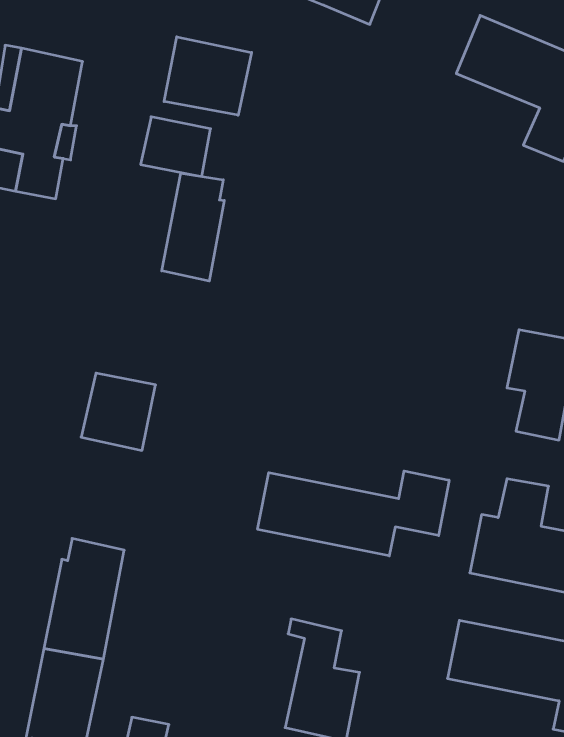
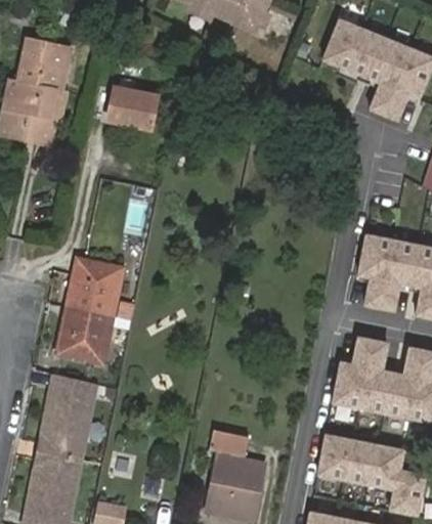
building: [164,37,252,115] -> none
building: [162,173,224,281] -> none
building: none -> [54,308,107,364]
building: [258,471,449,556] -> none

